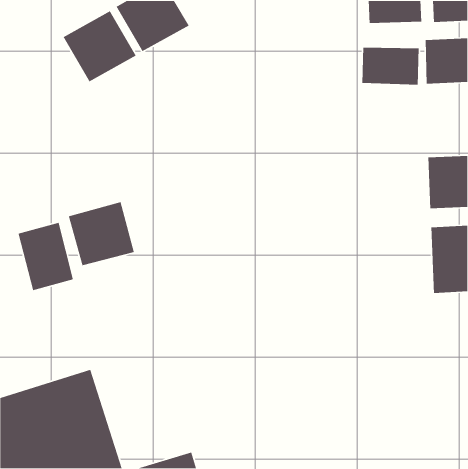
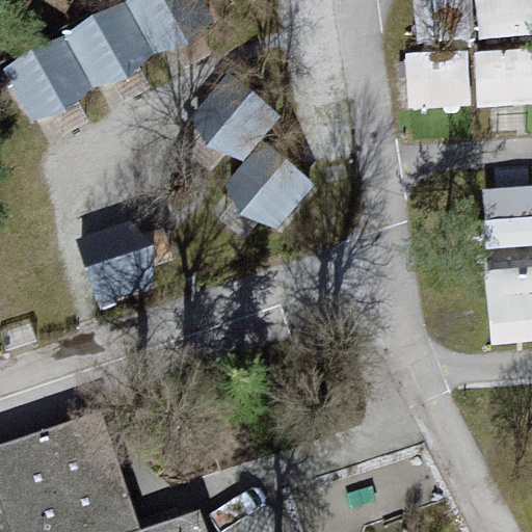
building: none -> [8,46,92,128]
building: none -> [191,71,277,157]
building: none -> [224,150,311,235]
building: [18,222,74,291] -> none

